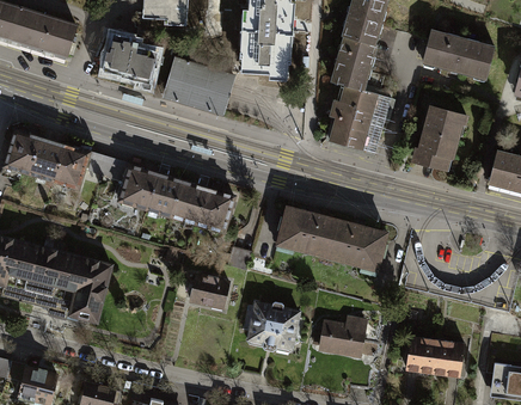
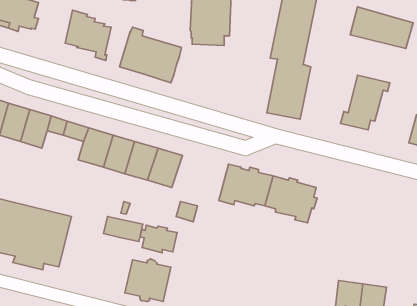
building: none -> [104,216,143,242]
building: [247,301,299,349] -> [125,259,171,301]
building: [320,319,376,356] -> none

